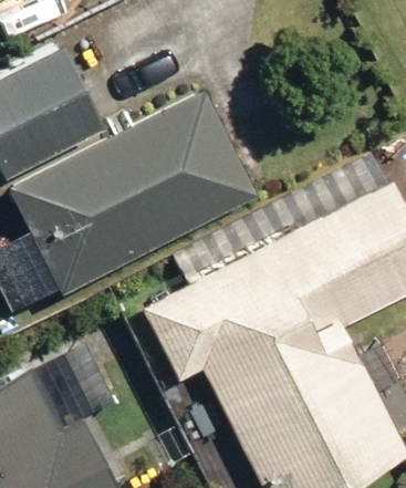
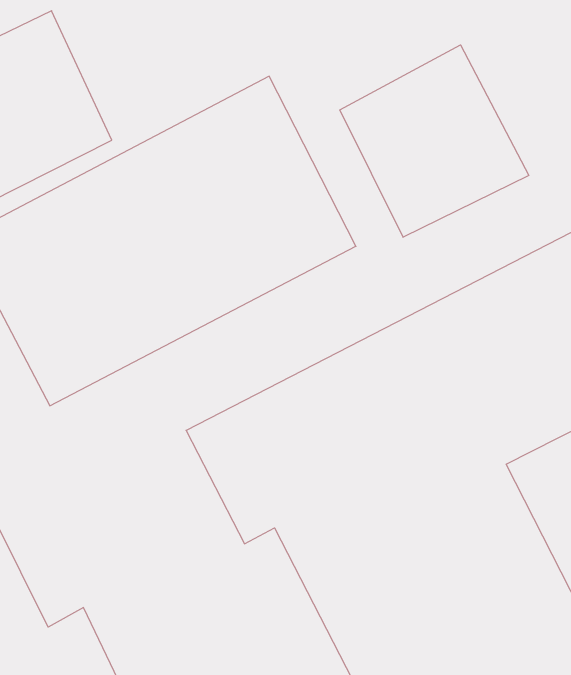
building: none -> [340,45,529,237]

